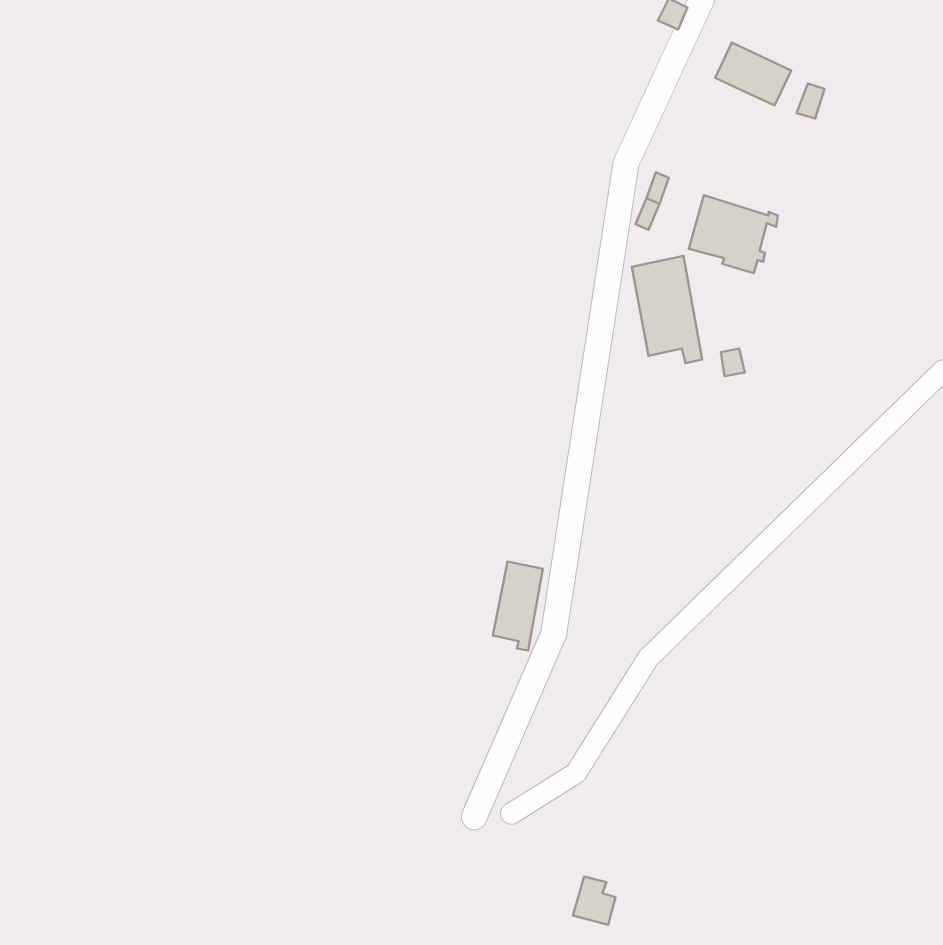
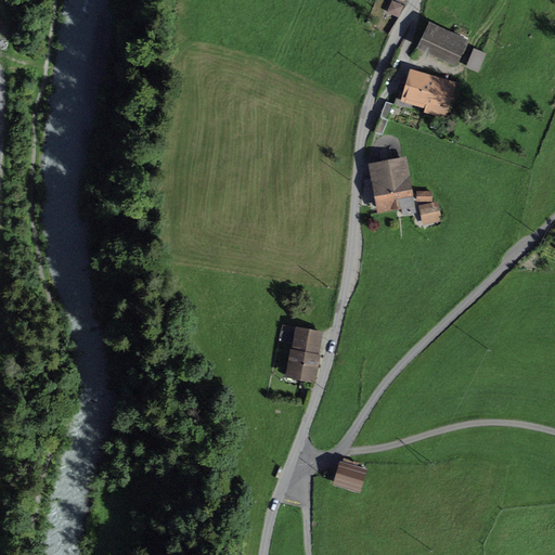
building: [689,195,778,273] -> [403,70,455,116]
building: [573,877,616,925] -> [336,459,361,487]

